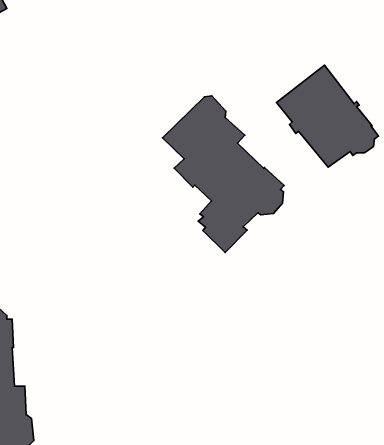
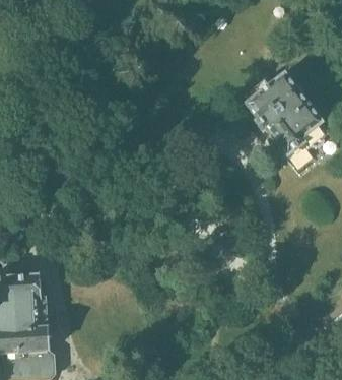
building: [163,96,284,252] -> none

